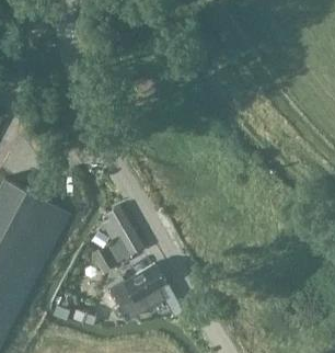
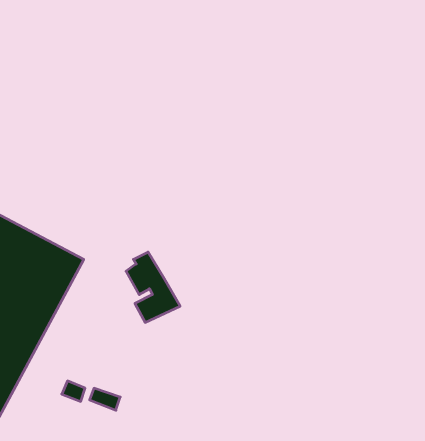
building: [105,264,165,321] -> none

